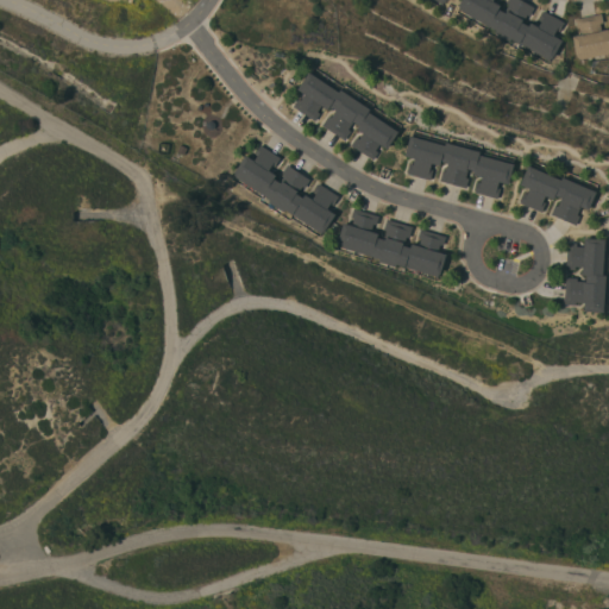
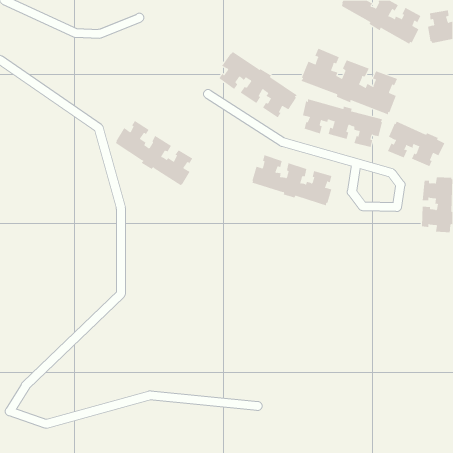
building: none -> [300,48,398,115]
building: [233,145,338,233] -> [115,120,193,186]

